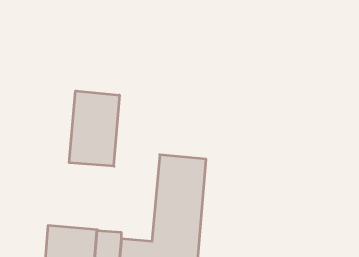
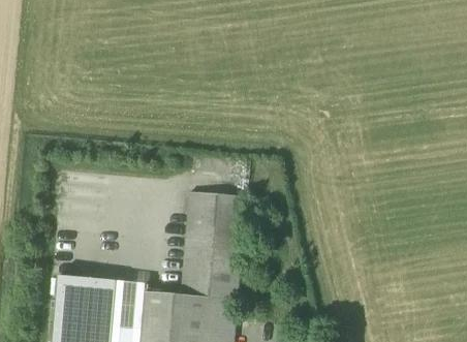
building: [69,91,119,166] -> none

